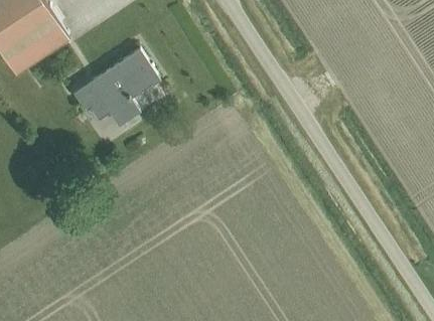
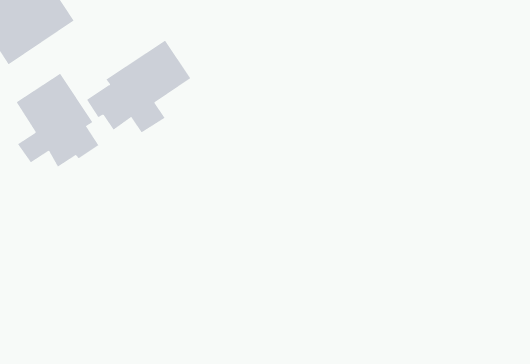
building: none -> [16,73,99,167]

